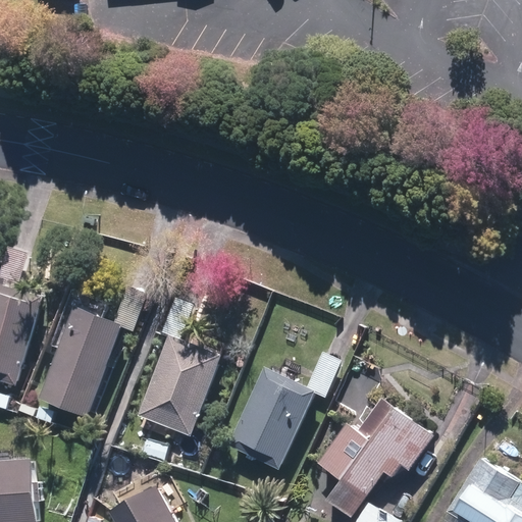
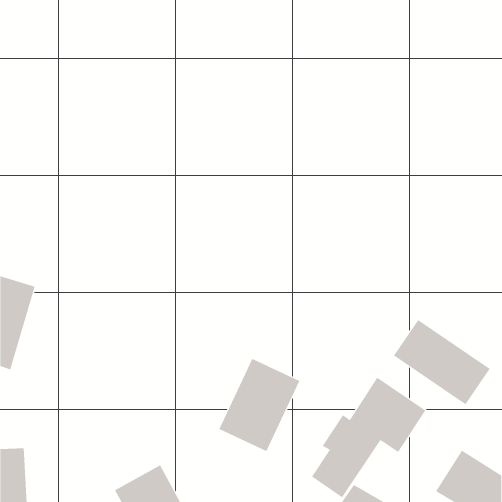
building: [39,309,121,418] -> none
building: none -> [393,319,491,405]
building: [138,340,218,432] -> none

